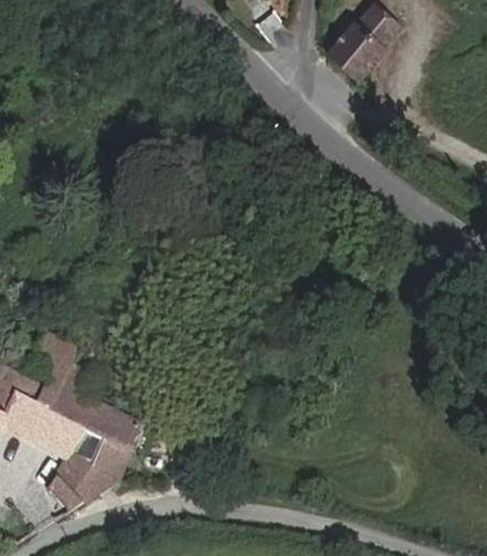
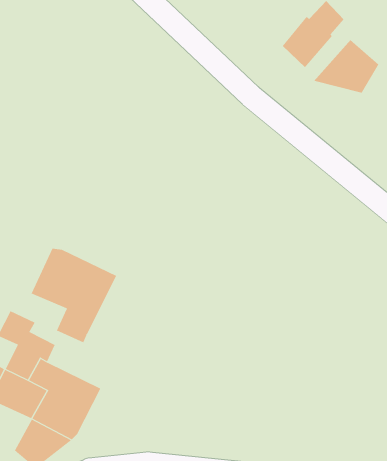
building: none -> [313,39,379,94]
building: none -> [31,248,117,343]

